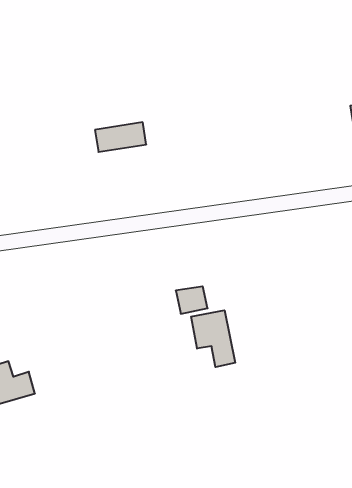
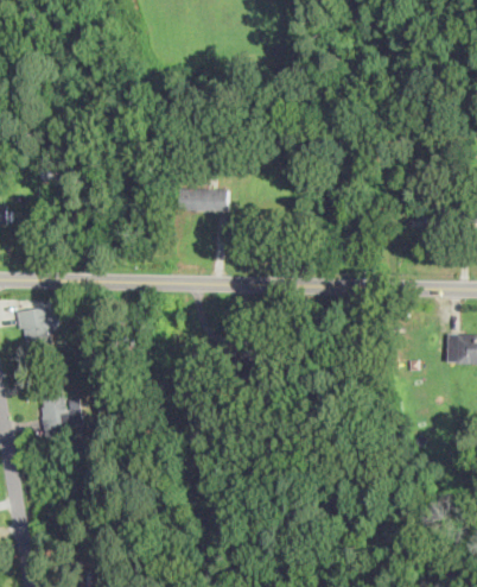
building: [191,310,235,367] -> none

